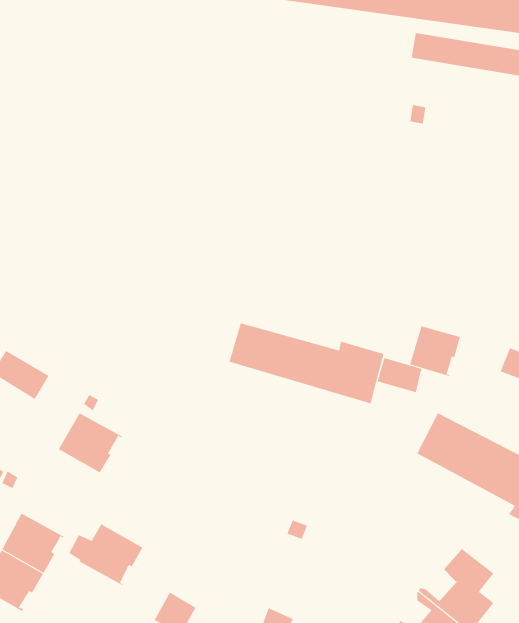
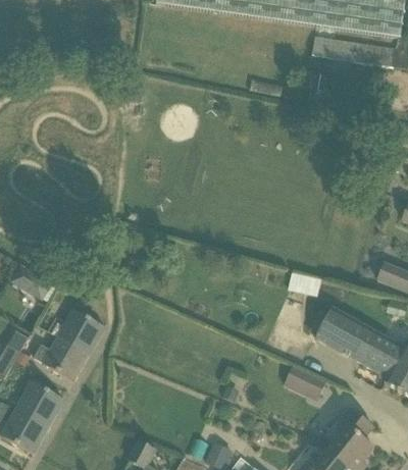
building: [229,322,384,404] -> none
building: [409,326,460,377] -> none
building: none -> [285,366,325,395]
building: [68,523,143,586] -> [35,335,89,380]

